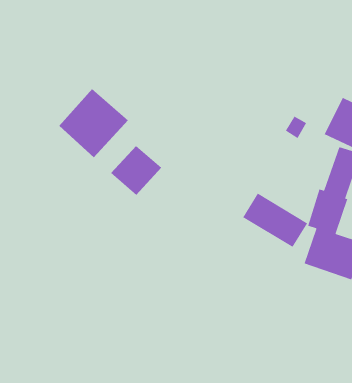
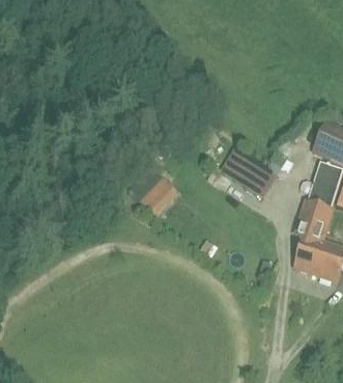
building: [58,88,129,158] -> none
building: [242,193,308,248] -> [218,147,276,196]

